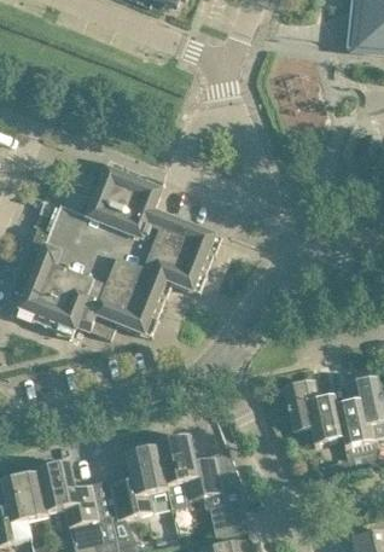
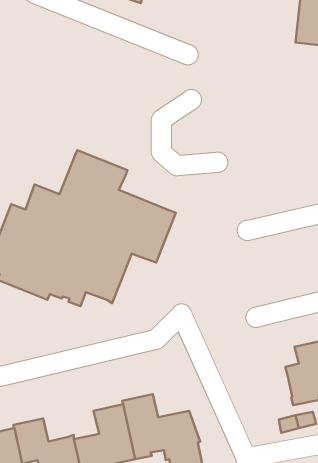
building: [284,379,344,444] -> none

